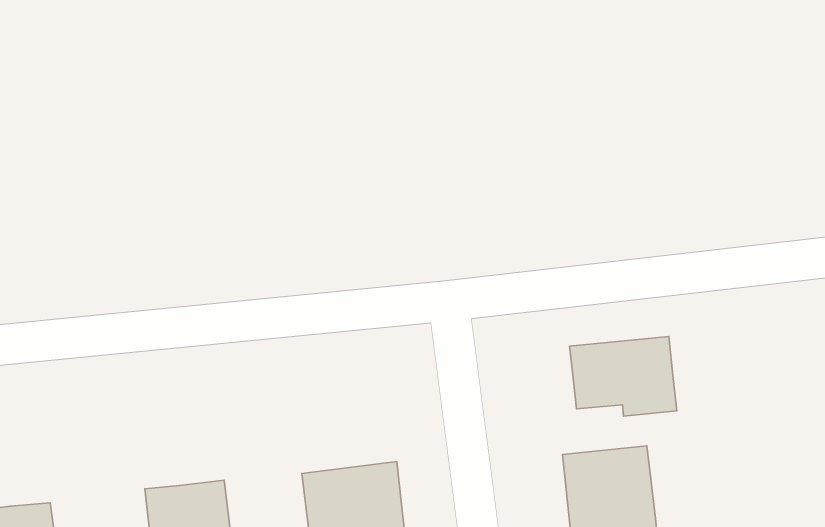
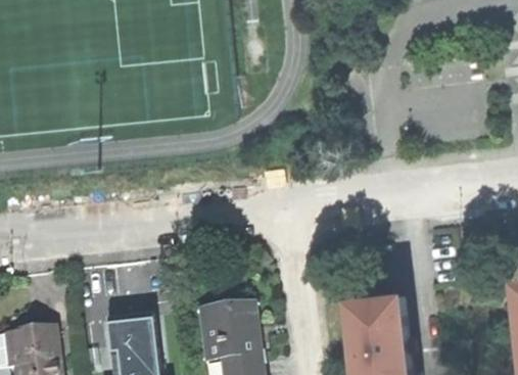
building: [569,337,677,416] -> none

